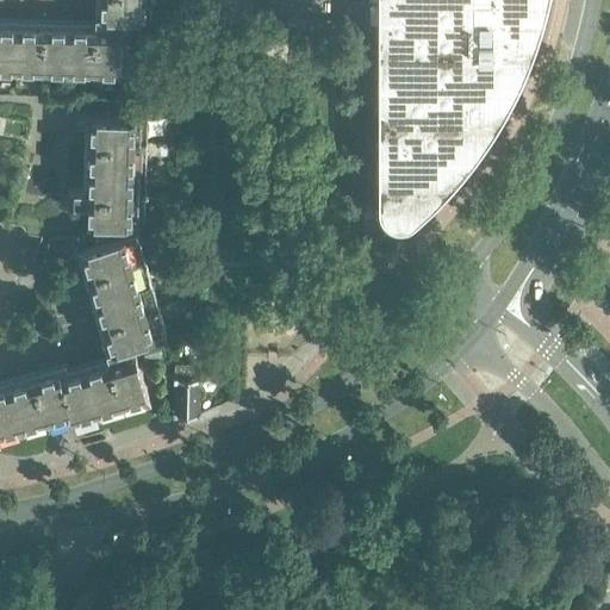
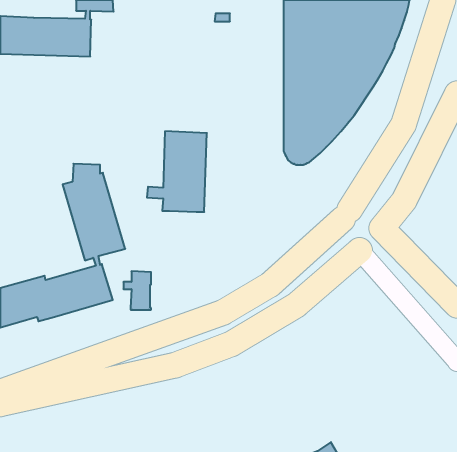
building: [68,119,148,226] -> [147,131,207,212]

